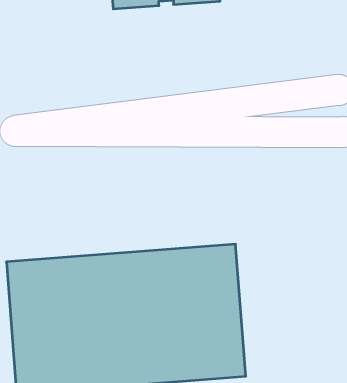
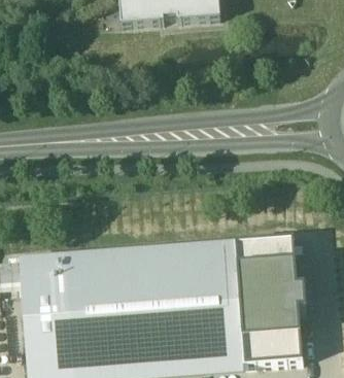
building: none -> [232,235,304,362]

